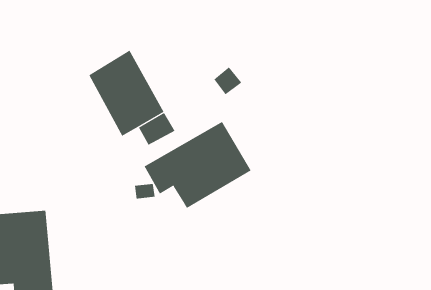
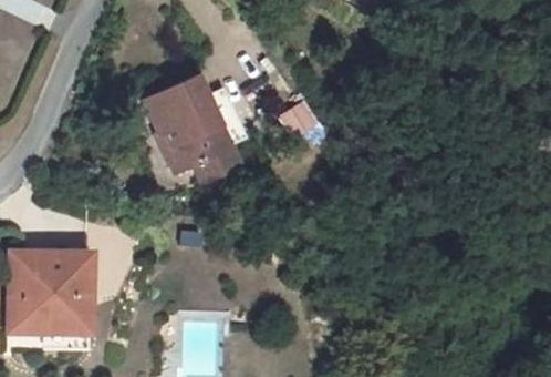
building: [144,121,251,209] -> none

